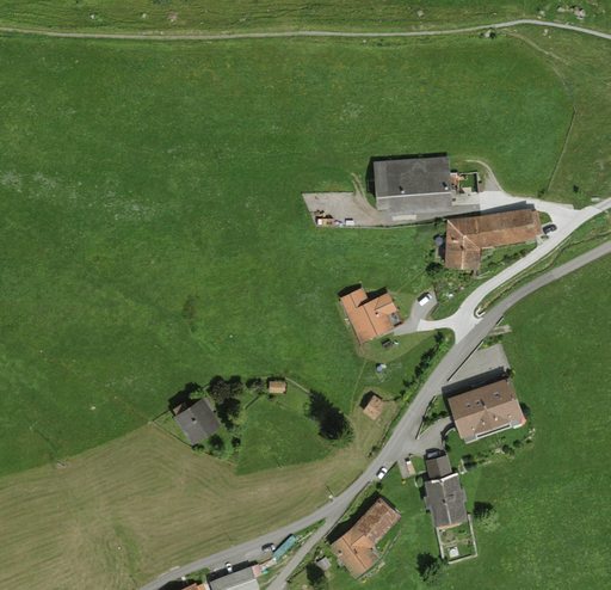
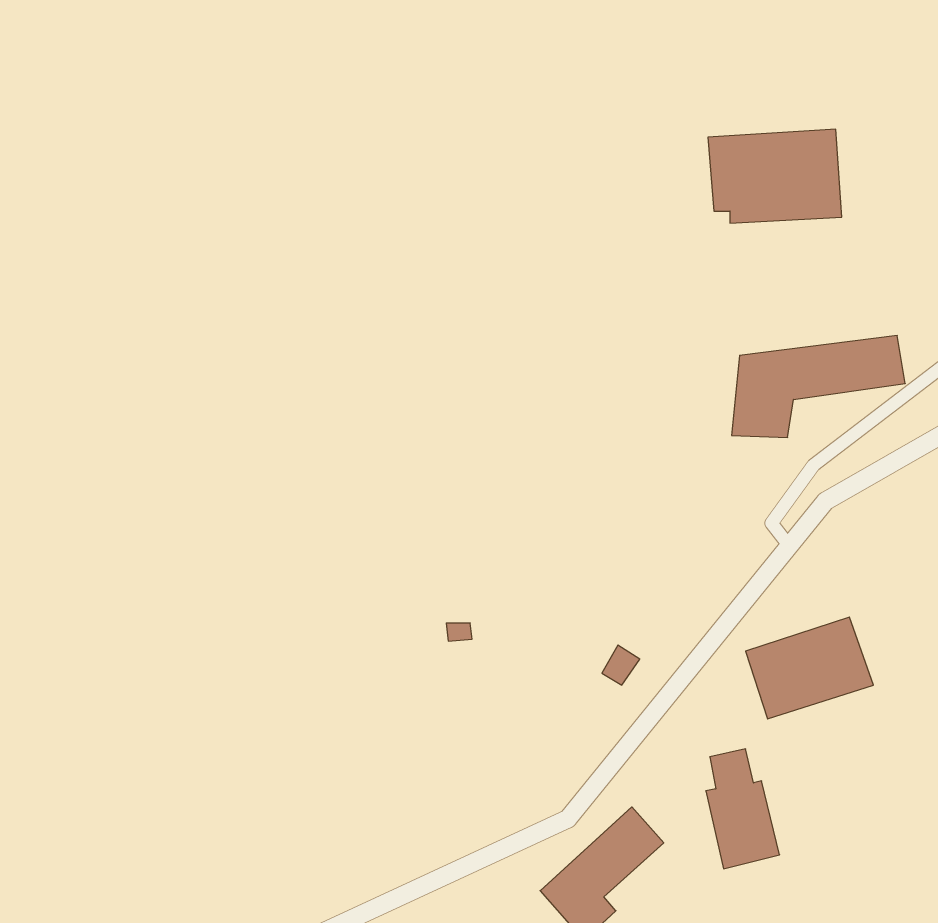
building: [371,161,451,217] -> [708,129,842,223]
building: [339,287,396,343] -> none
building: [172,398,218,444] -> none

